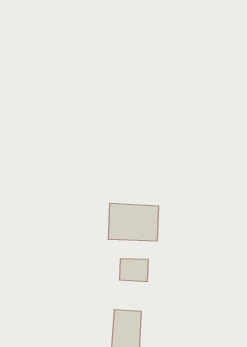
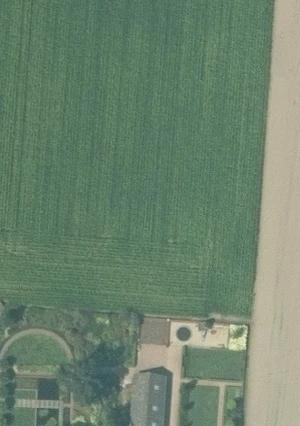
building: [108,203,159,241] -> none

